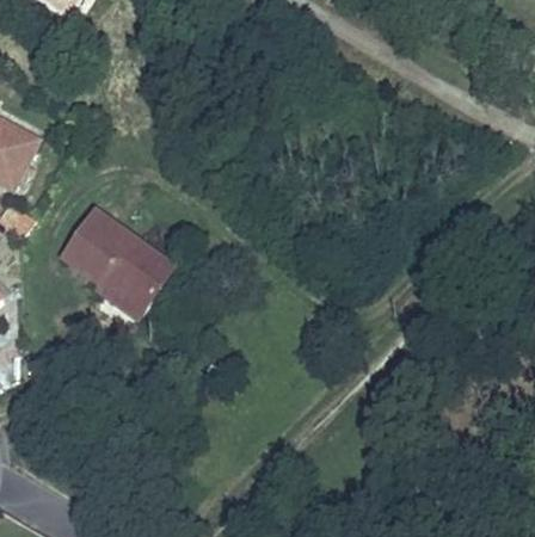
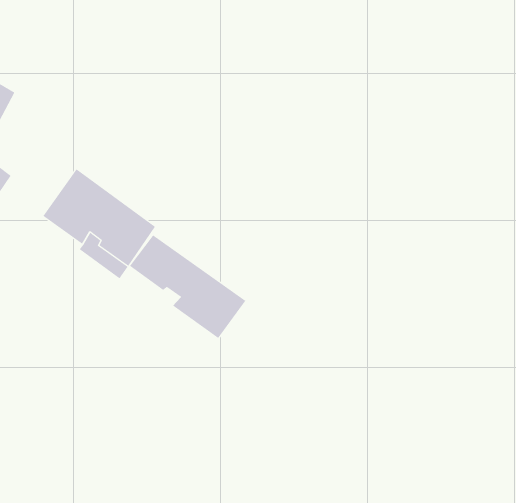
building: none -> [129,235,246,339]

